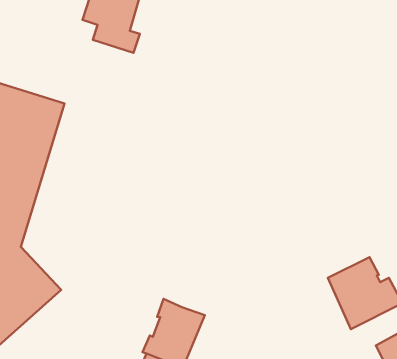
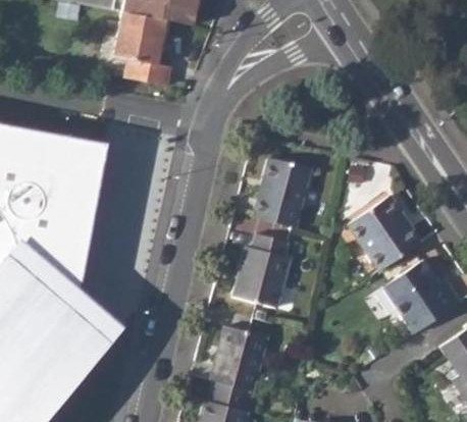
building: none -> [253,157,311,227]
building: none -> [348,195,421,270]
building: none -> [232,232,291,307]

